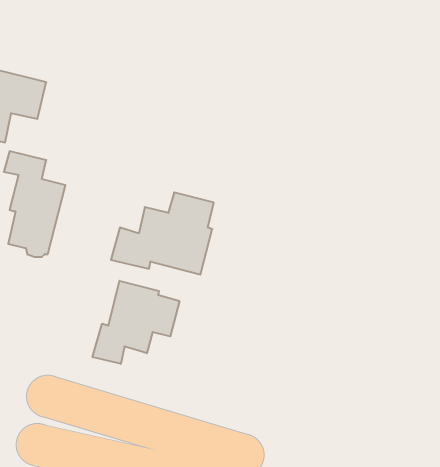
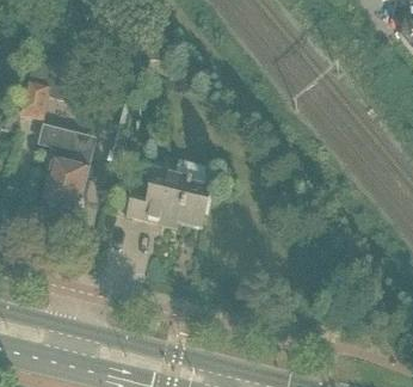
building: [93,281,179,364] -> none

